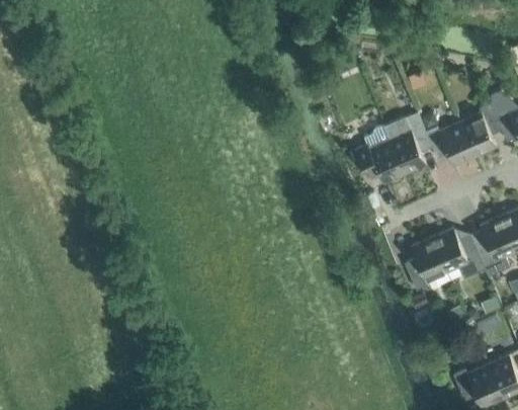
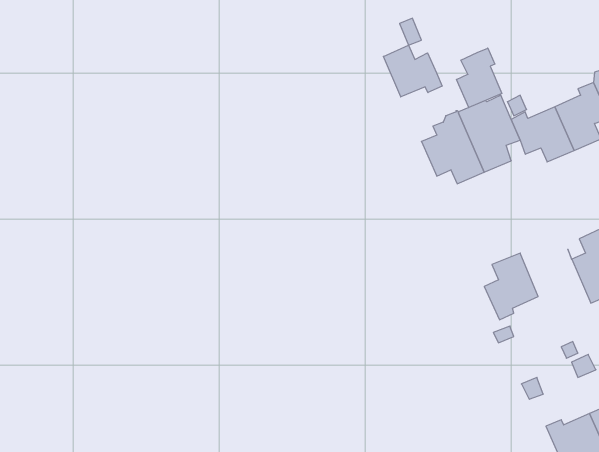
building: none -> [383,45,442,97]
building: none -> [457,48,502,108]
building: [436,228,492,278] -> none

